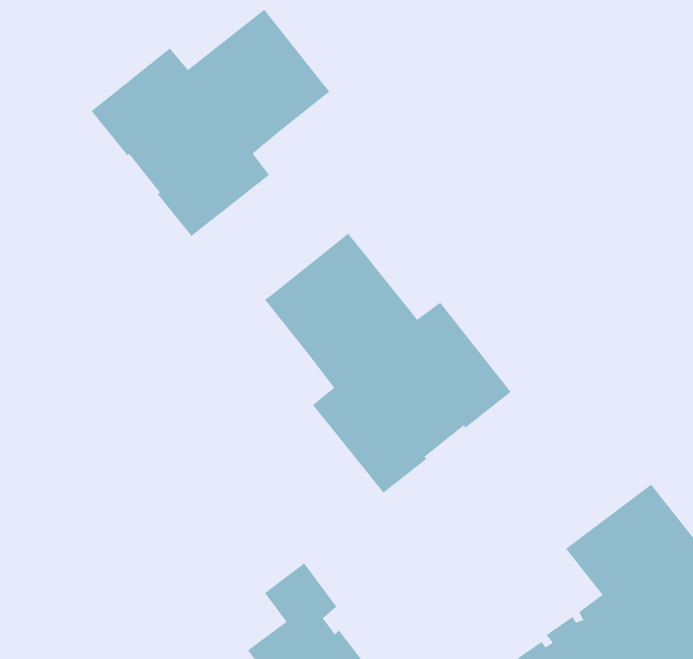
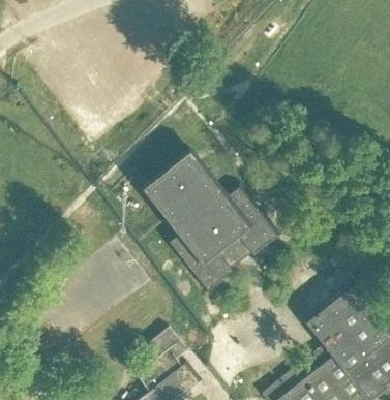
building: [91,9,330,237] -> none

